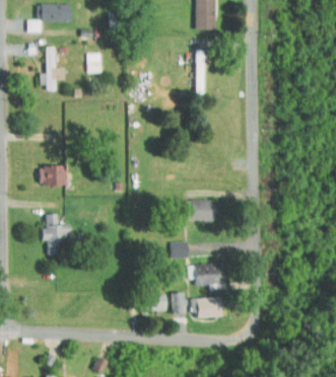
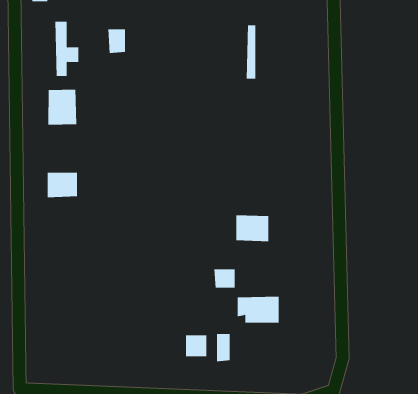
building: none -> [48,89,77,125]
building: [43,214,68,255] -> none
building: [196,297,222,319] -> none

